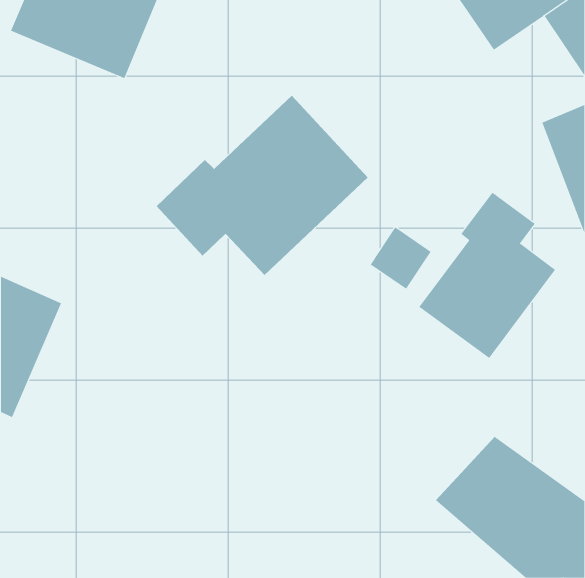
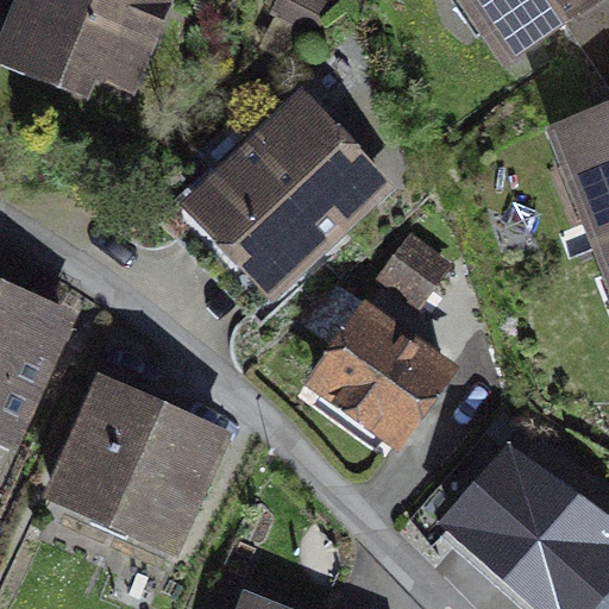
building: [419,192,556,359] -> none
building: none -> [319,310,446,435]
building: none -> [57,384,225,541]

